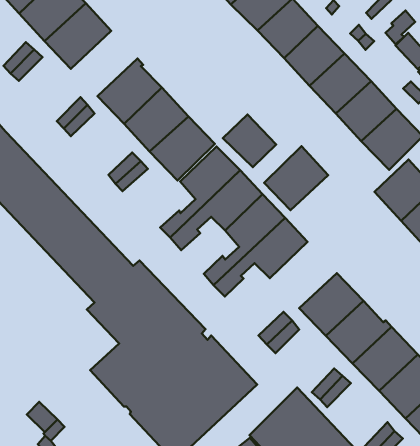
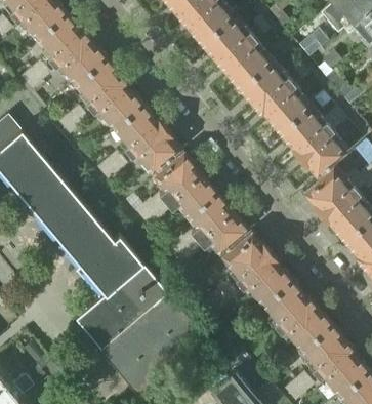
building: none -> [73,55,125,106]
building: [223,114,276,167] -> none
building: [264,146,328,210] -> [220,230,271,279]

